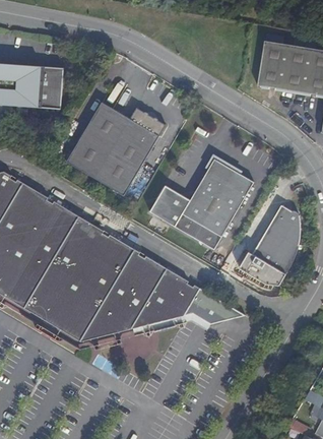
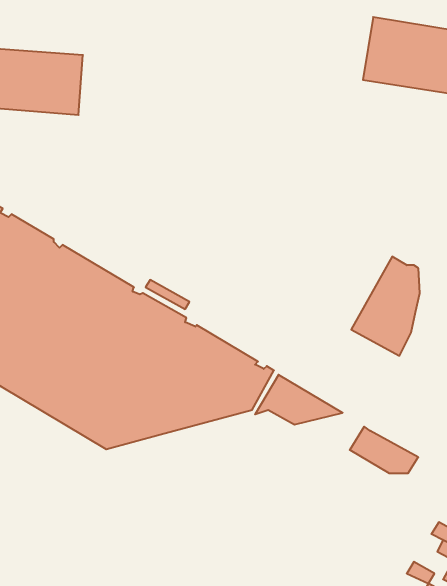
building: [67,101,166,194] -> none
building: [149,159,253,250] -> none
building: [237,255,284,288] -> [350,427,418,473]

